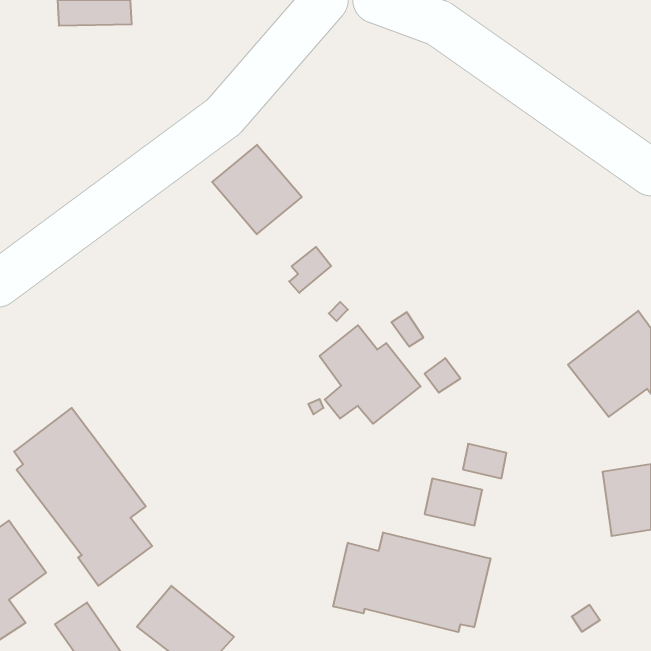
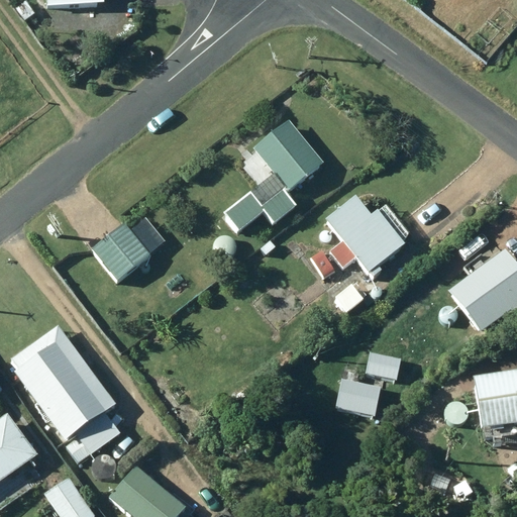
building: [212,145,302,234] -> [252,119,323,190]
building: none -> [92,217,164,279]
building: [320,325,421,424] -> [325,194,405,272]
building: [333,532,491,632] -> none

